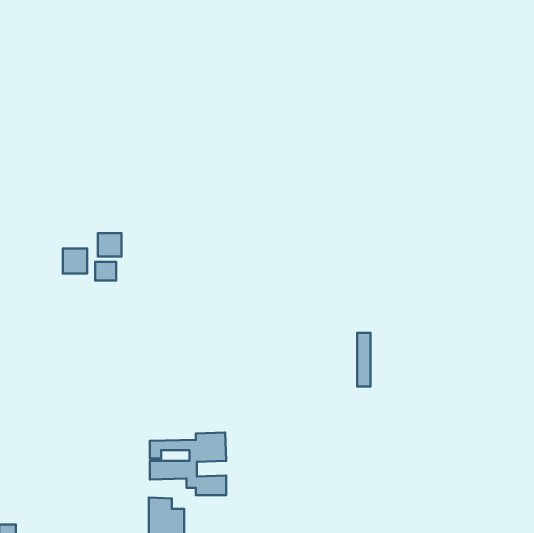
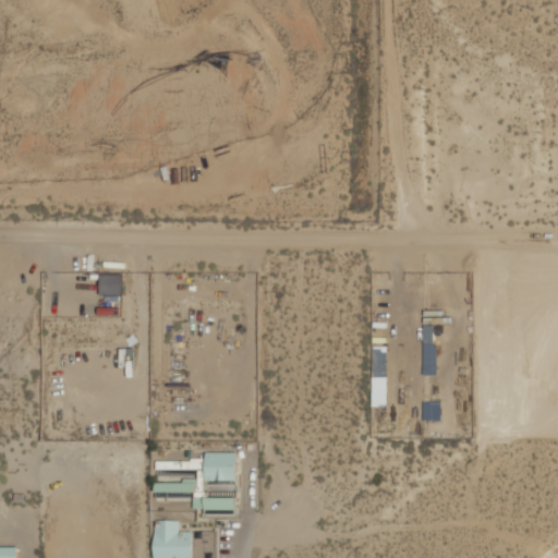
building: [98,233,122,256] -> none
building: [63,248,87,273] -> none

